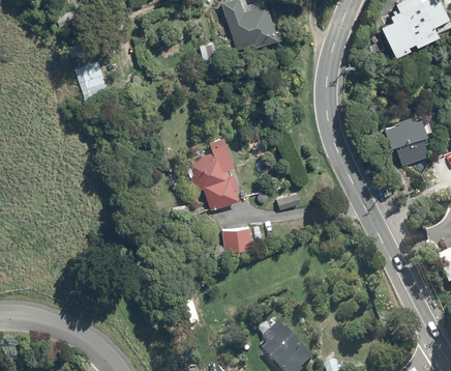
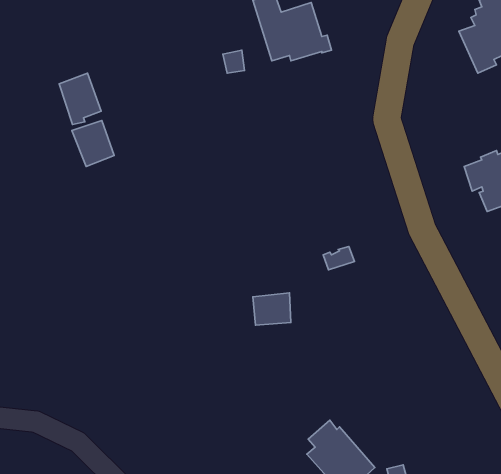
building: none -> [72,121,114,166]
building: [189,138,241,209] -> none

